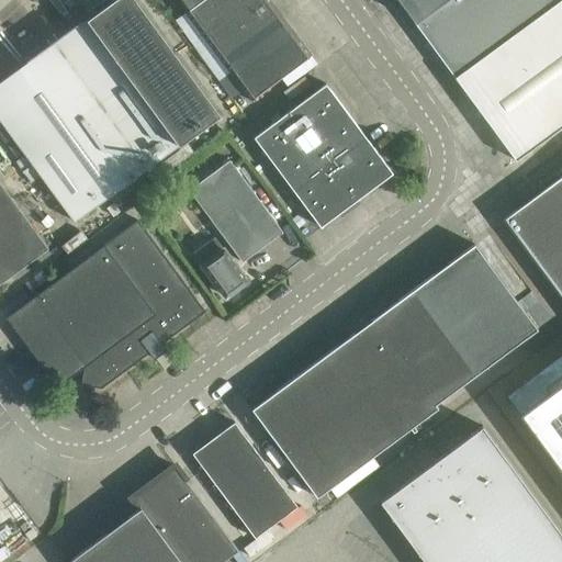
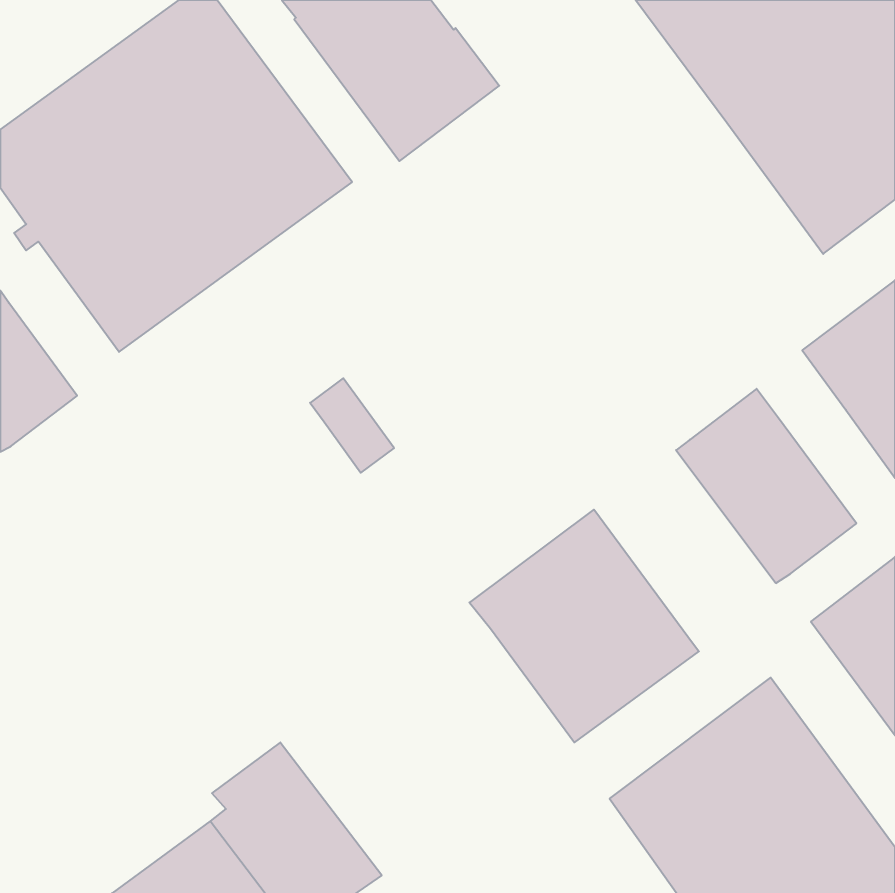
building: [255,85,393,227] -> none
building: [190,160,283,262] -> none
building: [7,221,205,389] -> none
building: [372,283,486,405] -> none
building: [252,379,360,498] -> none
building: [193,423,297,539] -> none

